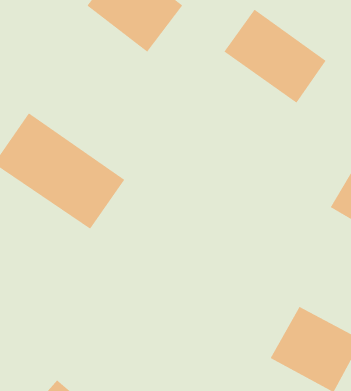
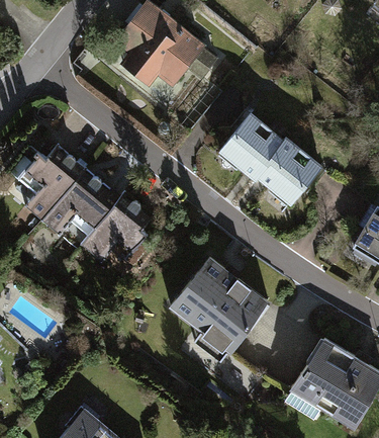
building: [224,9,326,104] -> [215,116,317,210]
building: none -> [172,259,267,352]

